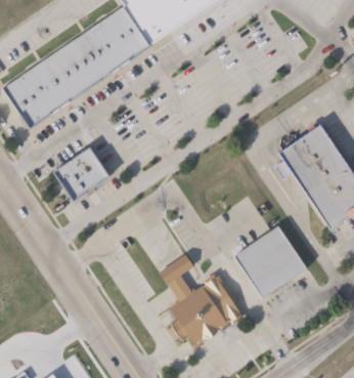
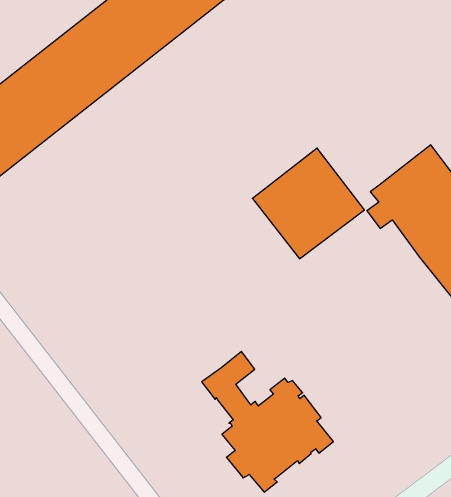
building: [55,145,112,200] -> none
building: [234,224,308,297] -> [252,148,364,259]

